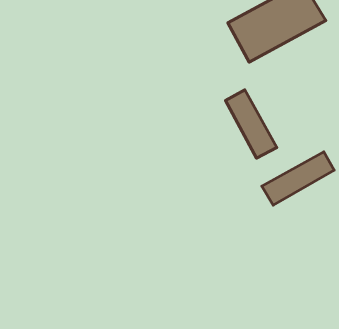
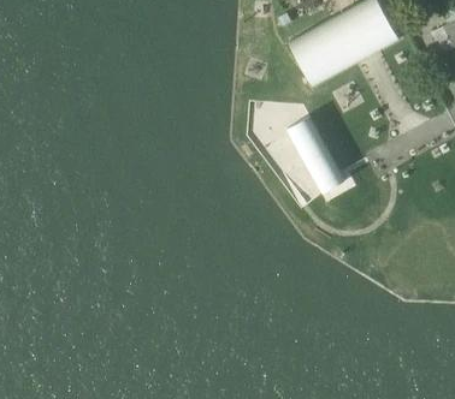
building: [262,152,334,205] -> none

